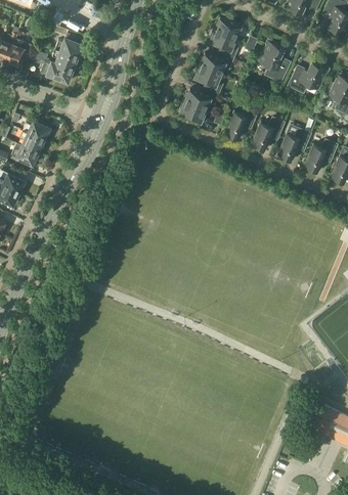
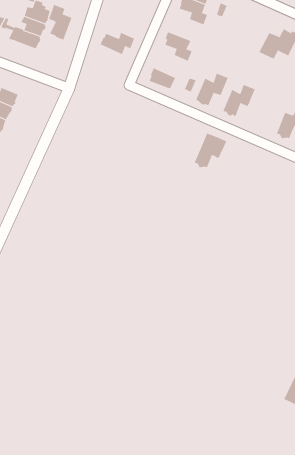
building: none -> [49,4,72,41]
building: [259,40,291,83] -> none
building: [198,53,233,75] -> none
building: [183,89,218,111] -> [100,32,135,55]
building: [278,126,311,161] -> [194,133,227,168]

